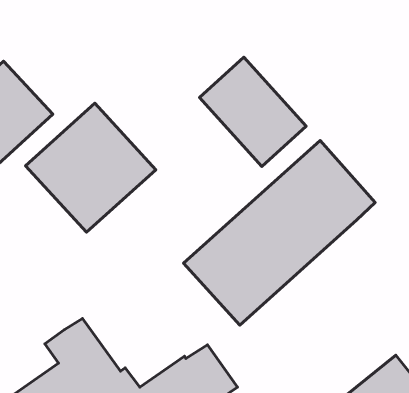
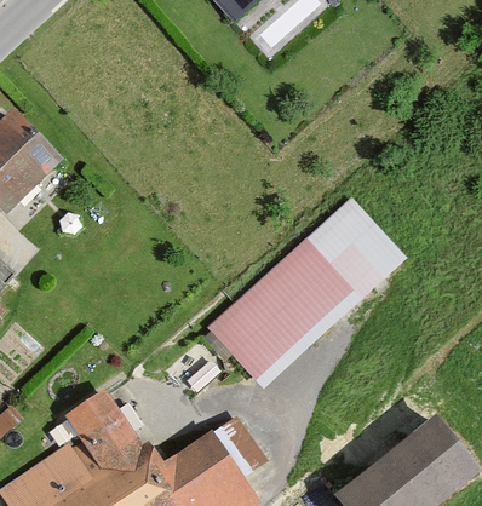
building: [200,57,306,166] -> none
building: [26,103,156,232] -> none

